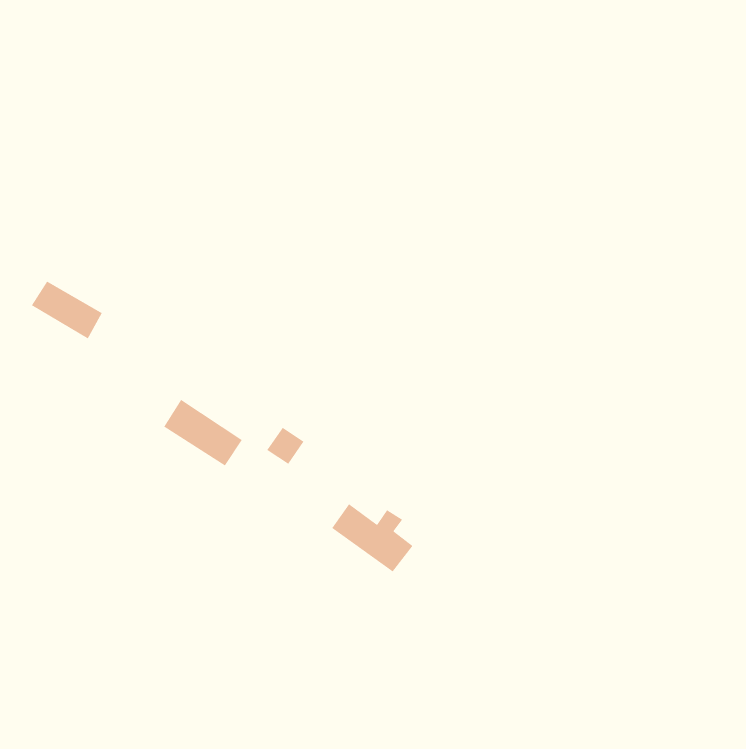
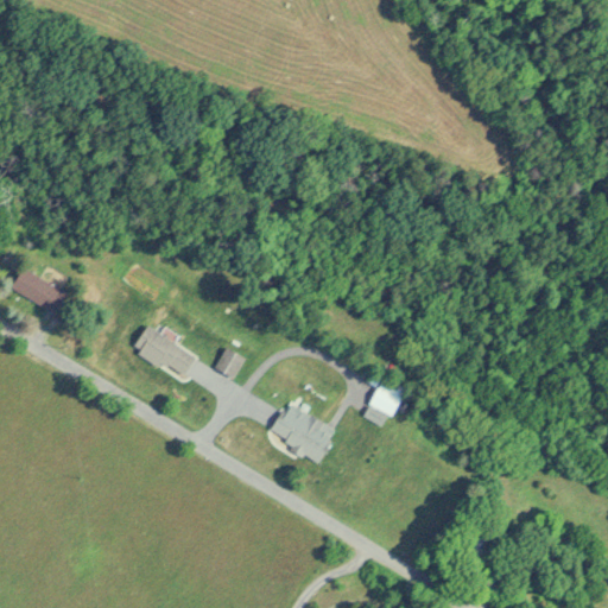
building: [31,281,103,339] -> [10,268,68,316]
building: none -> [363,378,406,424]

